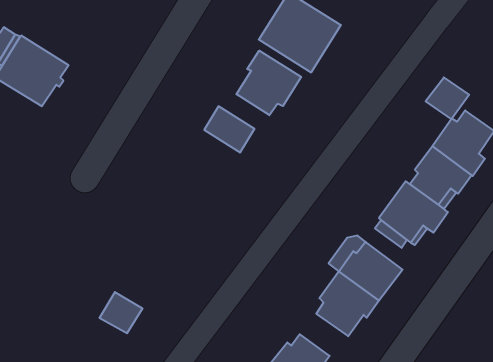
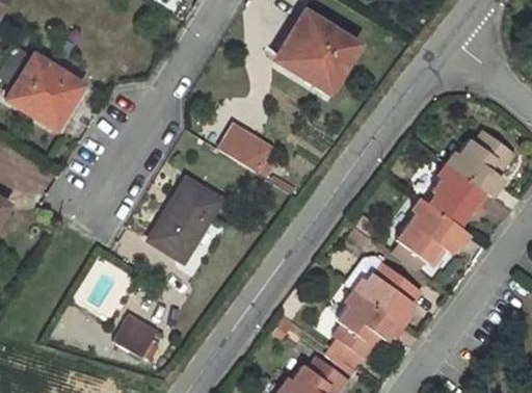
building: [236,51,301,115] -> none
building: [426,77,469,119] -> none
building: none -> [151,180,221,260]

